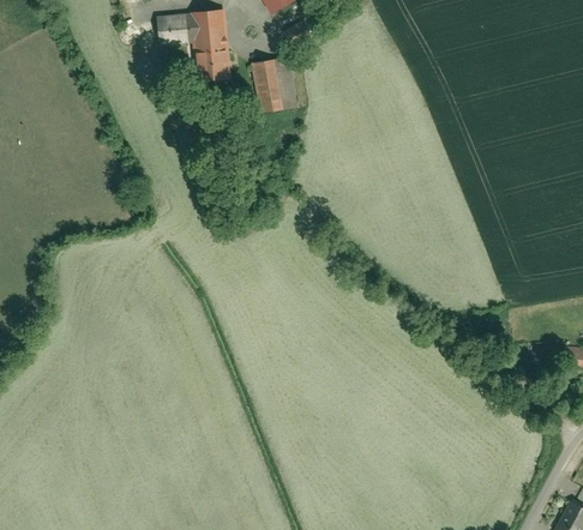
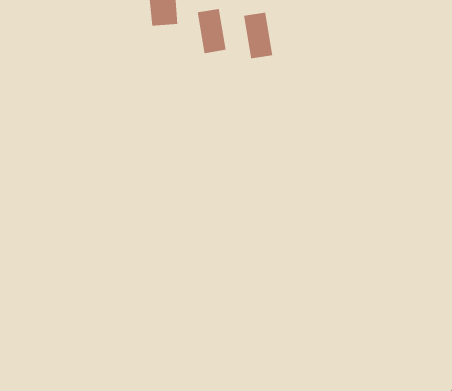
building: none -> [243,12,273,59]

